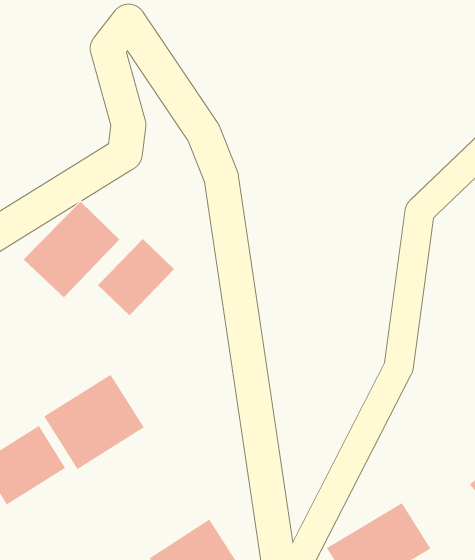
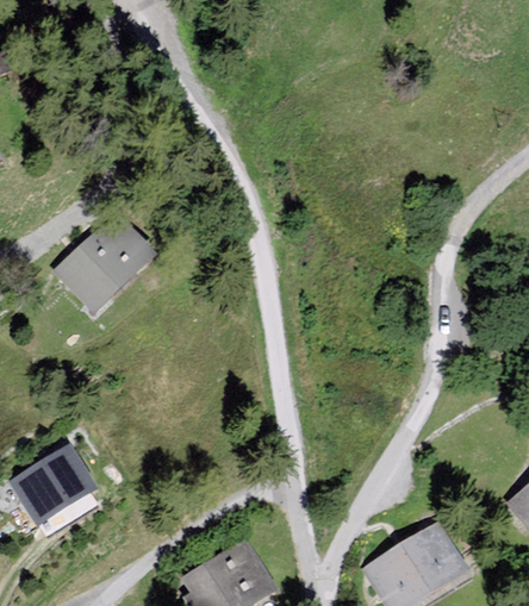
building: [97,238,175,316] -> none
building: [43,374,145,470] -> none

